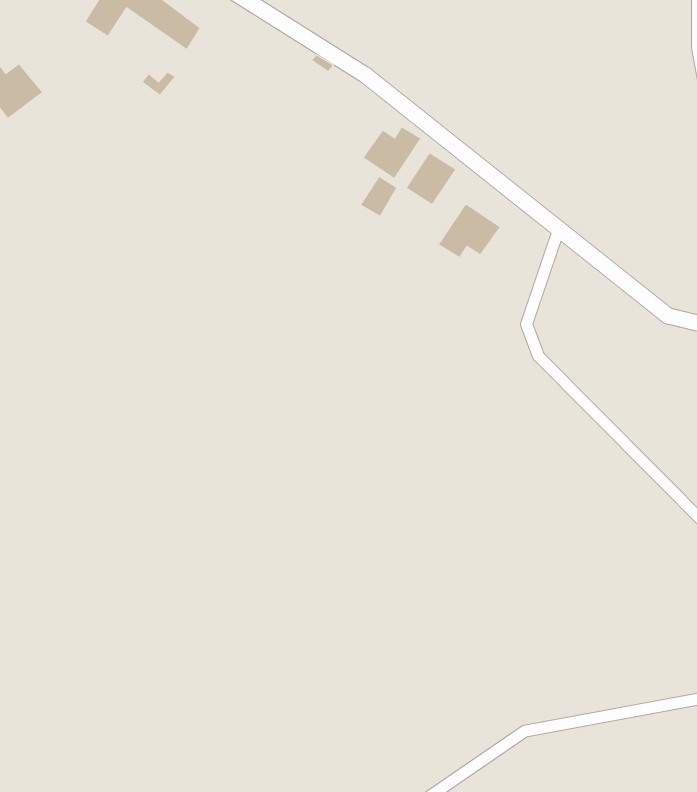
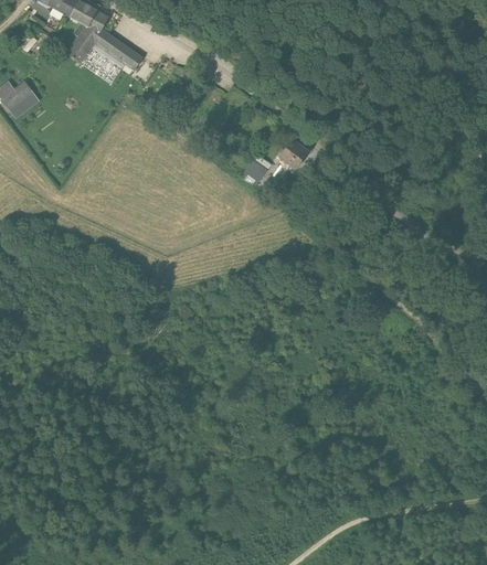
building: [363,126,421,179] -> none
building: [438,203,501,258] -> none

